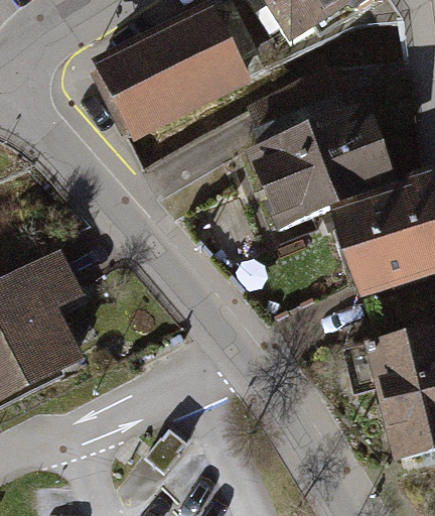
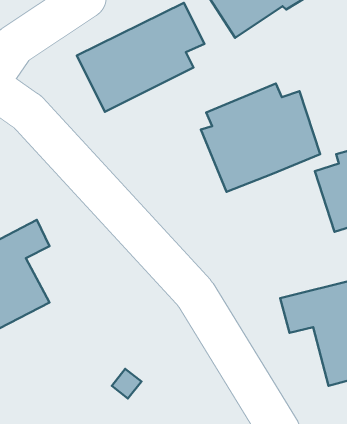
building: [335,204,408,292] -> none

